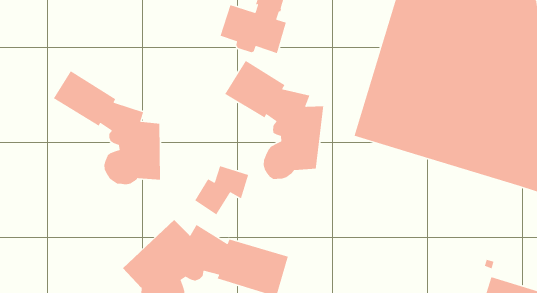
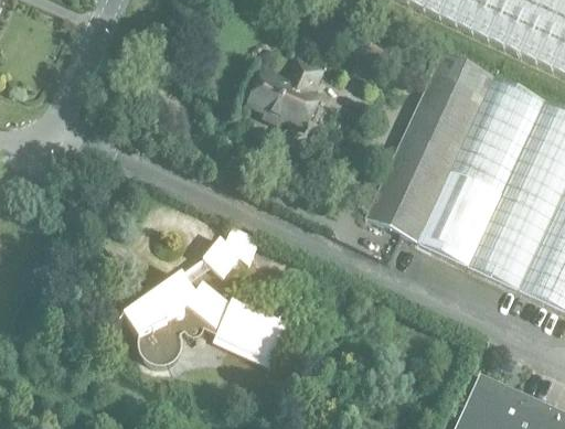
building: [224,60,324,180] -> none
building: [53,70,161,185] -> none

